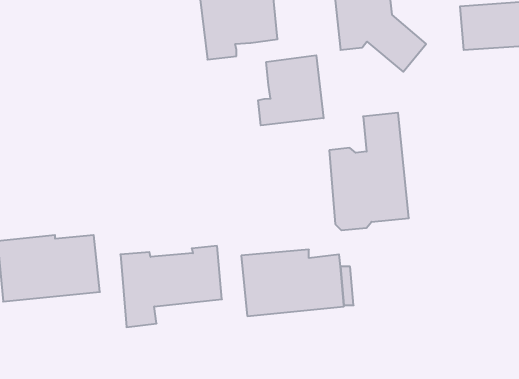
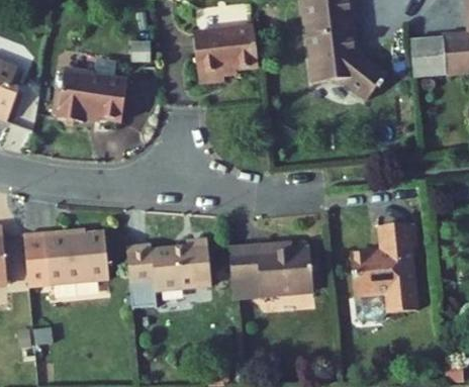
building: none -> [57,72,126,129]
building: [258,55,324,125] -> none
building: [329,113,409,230] -> [351,222,417,320]

